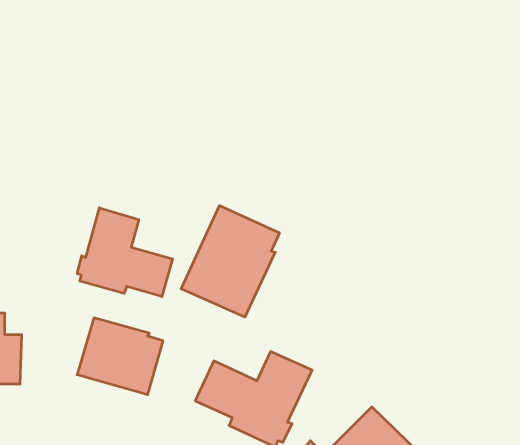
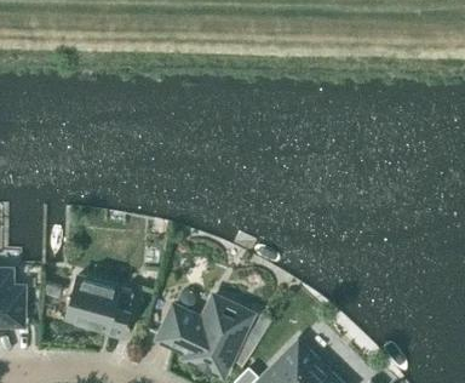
building: [181,206,279,317] -> none
building: [77,208,173,297] -> none

